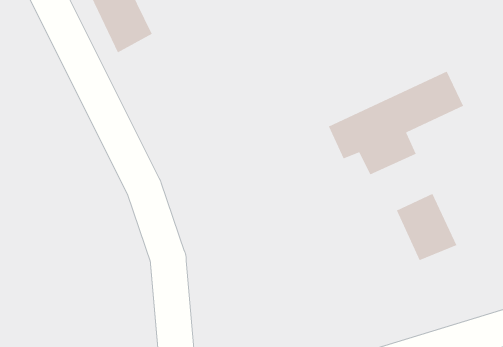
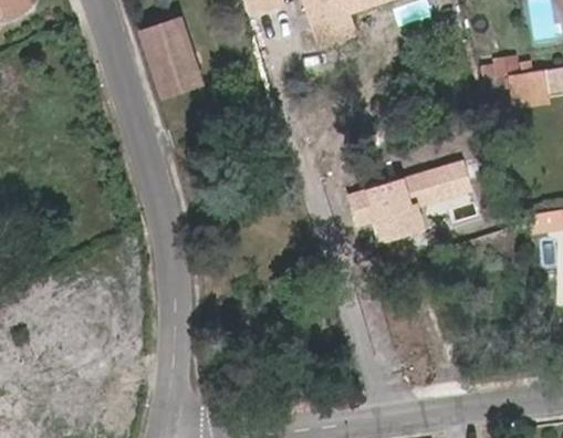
building: [396,193,457,261] -> none

